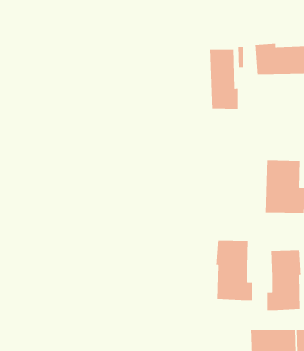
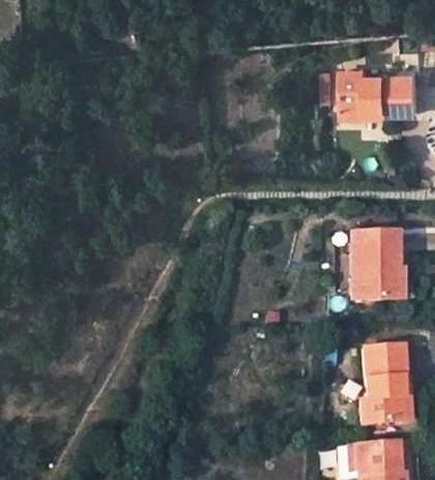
building: [209,49,239,110] -> none
building: [216,240,253,301] -> none

